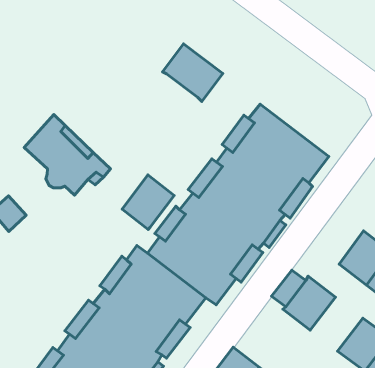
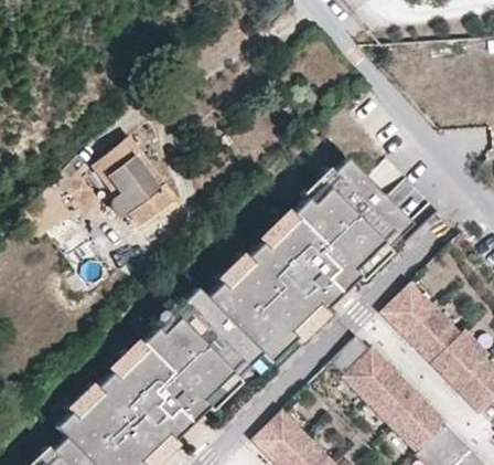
building: [163,44,223,101] -> none
building: [122,175,174,230] -> none
building: none -> [383,284,439,340]
building: none -> [367,374,425,432]

